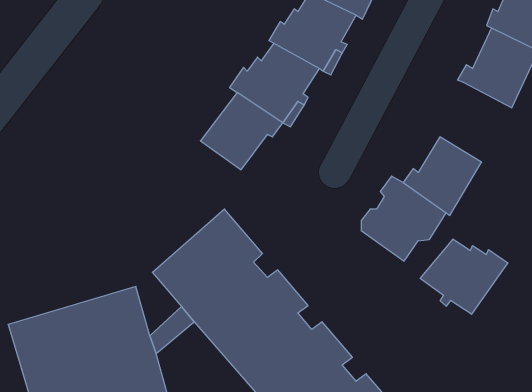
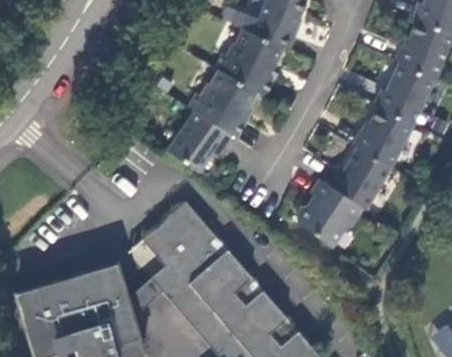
building: none -> [348,102,413,165]
building: [420,239,508,314] -> none

